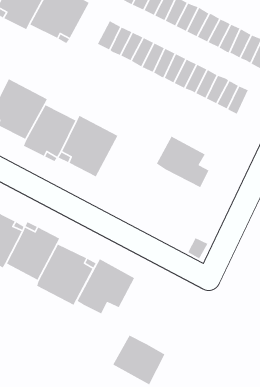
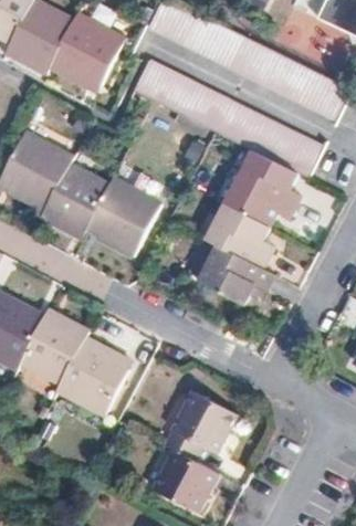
building: none -> [224,166,299,225]
building: none -> [199,245,272,303]
building: [76,258,135,314] -> [164,390,237,460]

